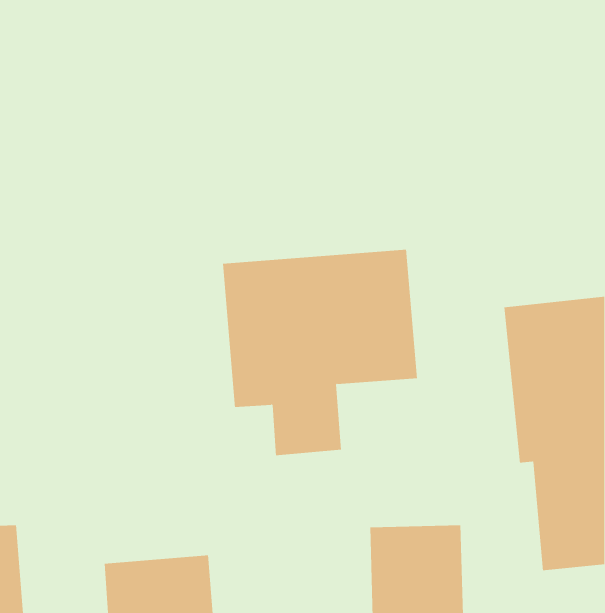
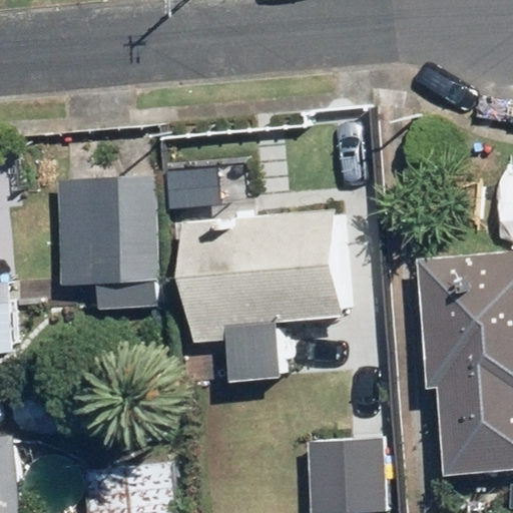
building: none -> [53,176,159,313]

